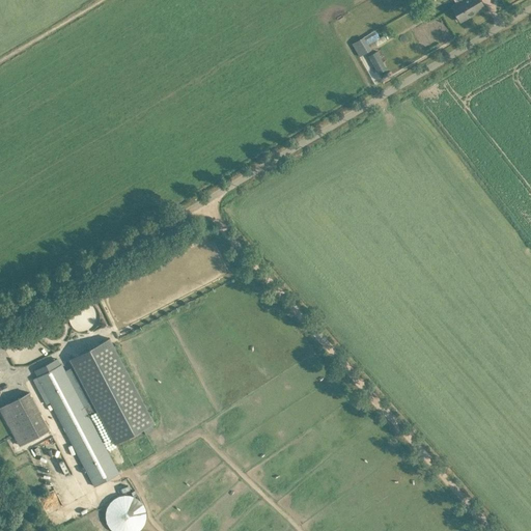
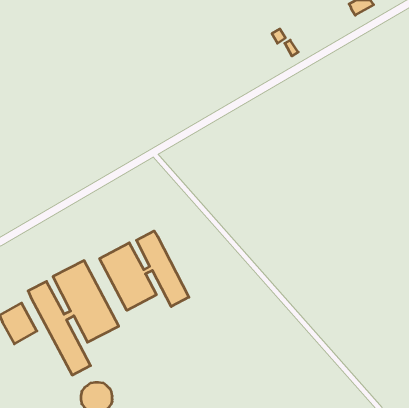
building: none -> [100,231,189,310]

